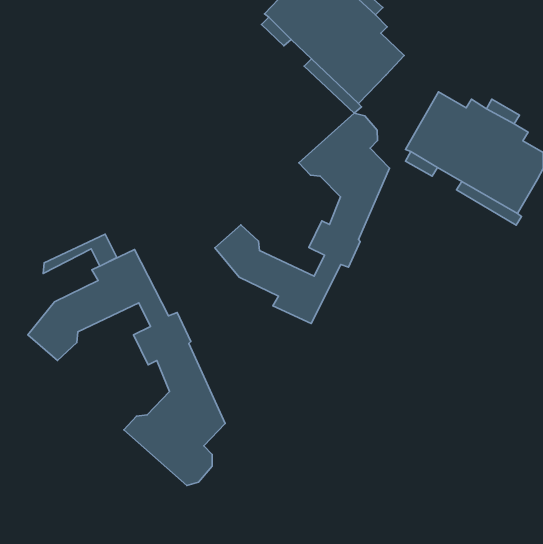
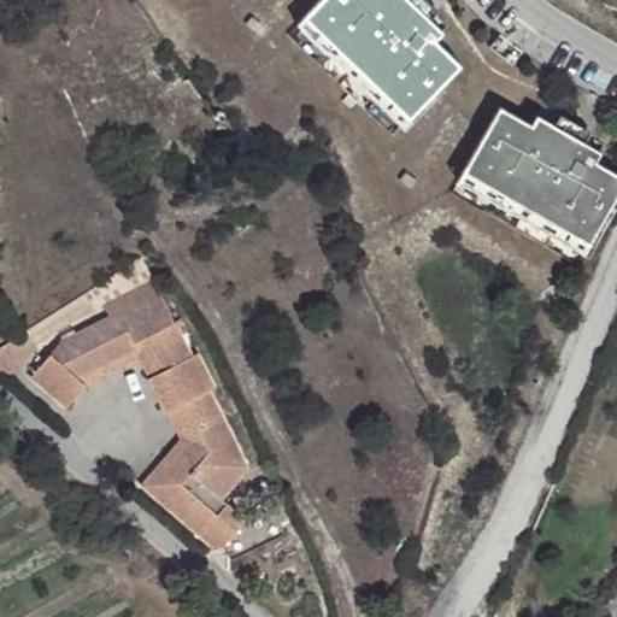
building: [215,113,389,324] -> none
building: [43,234,117,274] -> [87,342,170,387]

